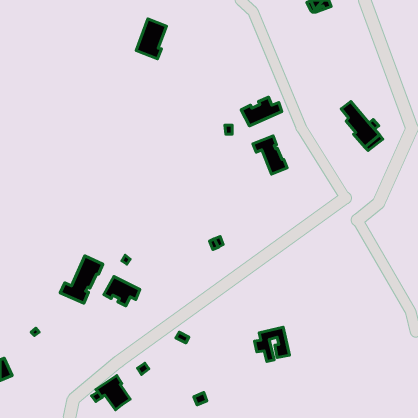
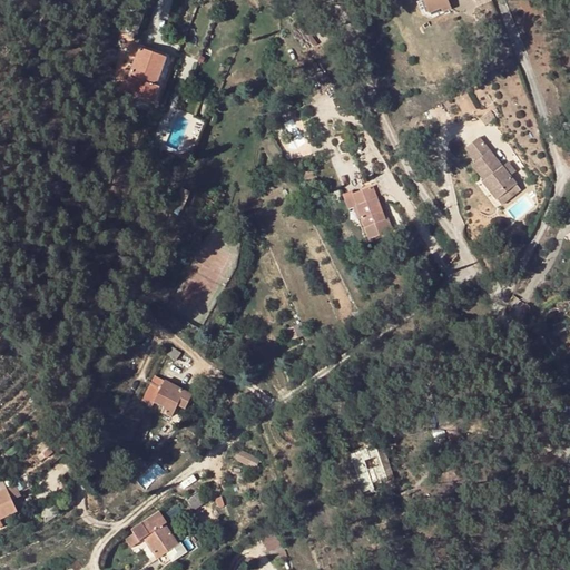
building: [136,19,166,59] -> [124,47,165,101]
building: [241,97,282,126] -> none
building: [60,256,103,303] -> none

